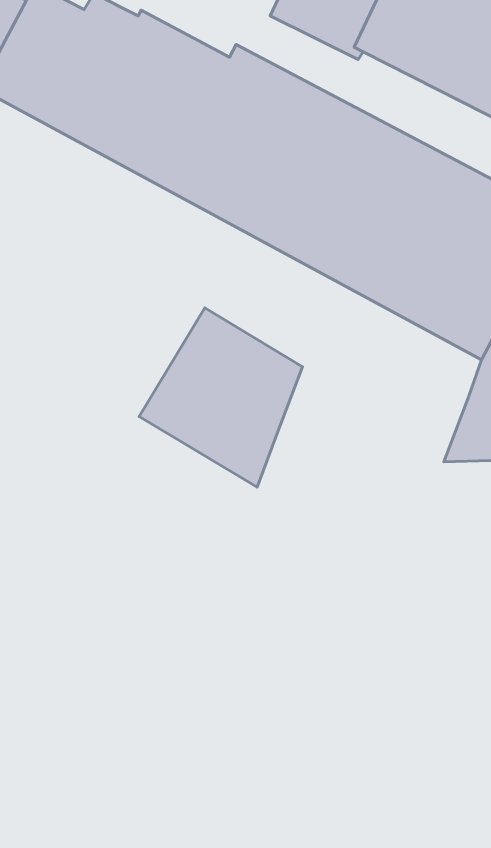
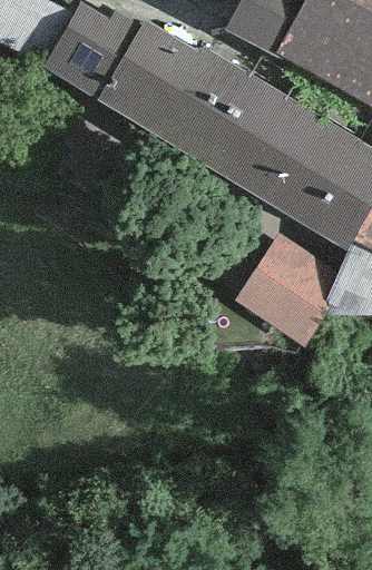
building: [139,308,303,487] -> [217,223,321,336]

